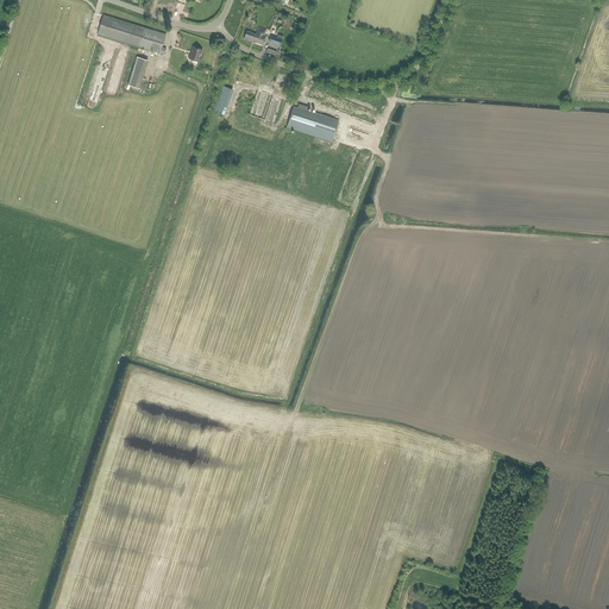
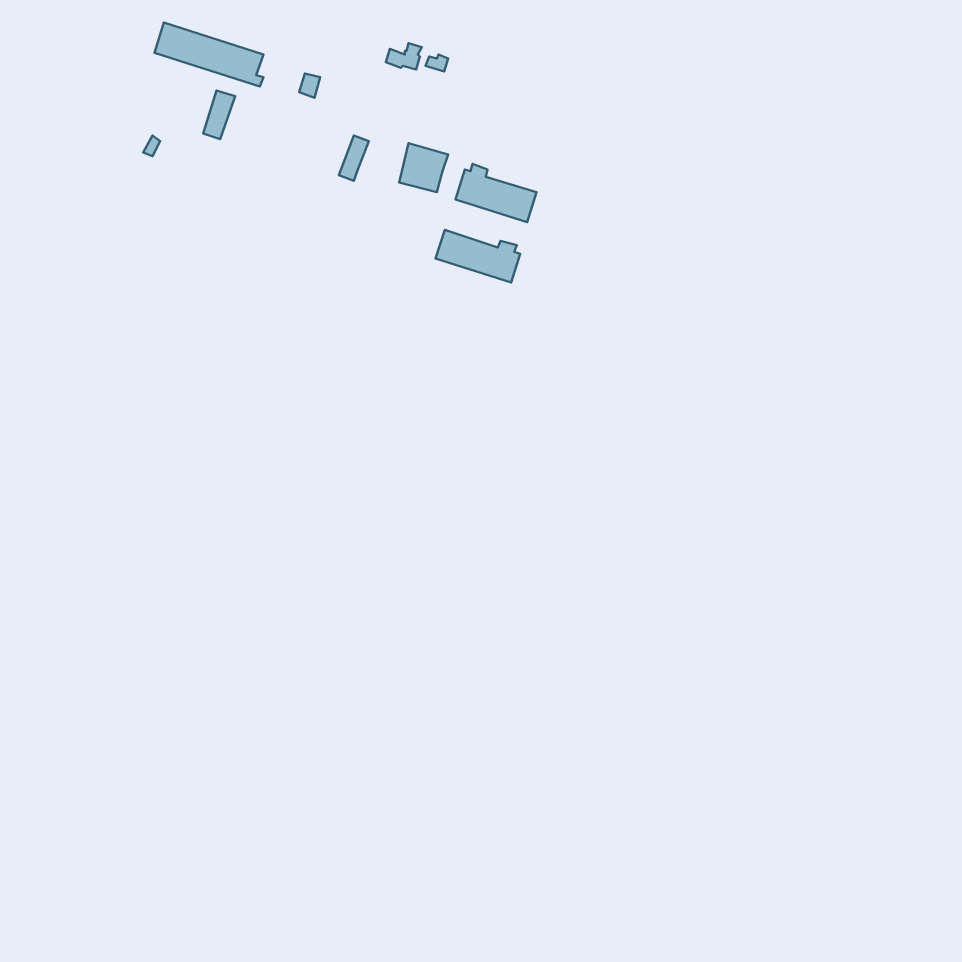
building: none -> [436,230,520,282]

